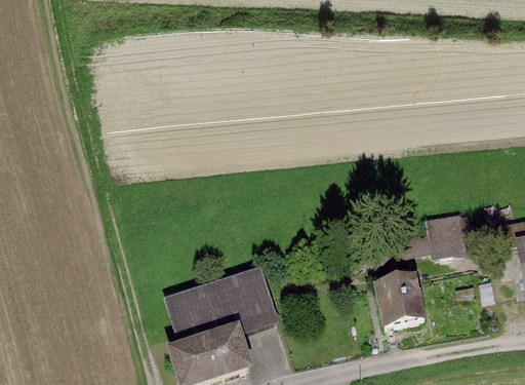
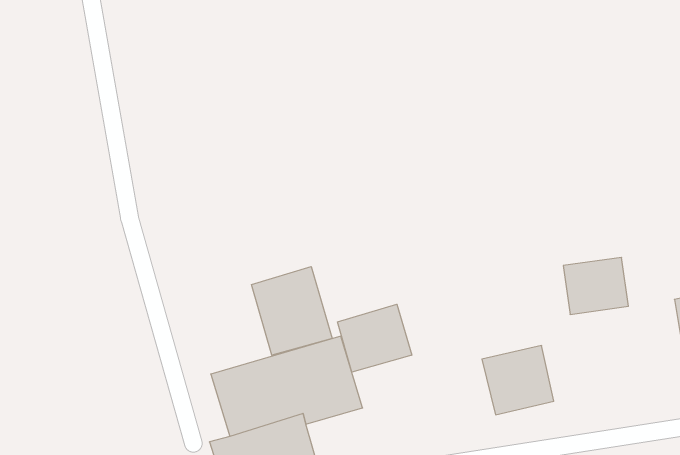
building: none -> [252,267,332,355]
building: none -> [338,304,412,372]

